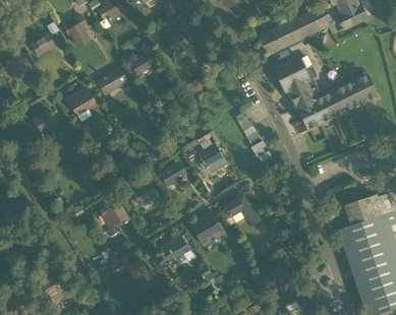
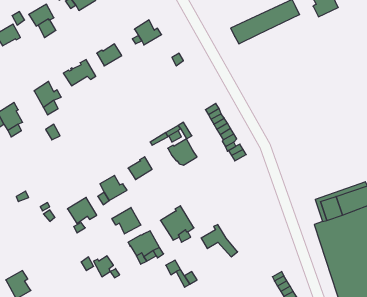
building: [275,58,376,129] -> none
building: [225,194,261,226] -> [201,225,238,257]
building: none -> [112,207,141,234]

